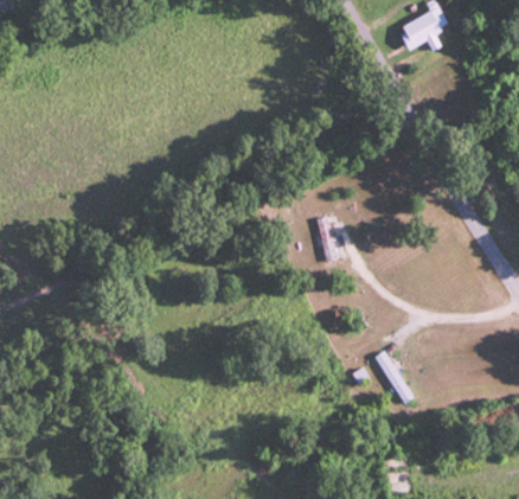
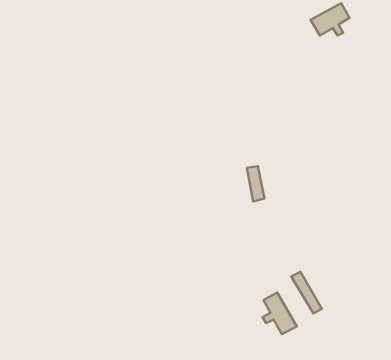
building: none -> [263,293,297,334]

